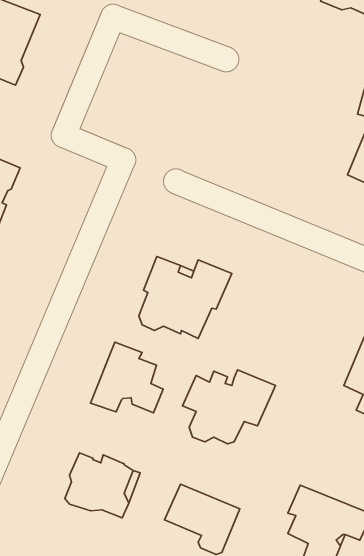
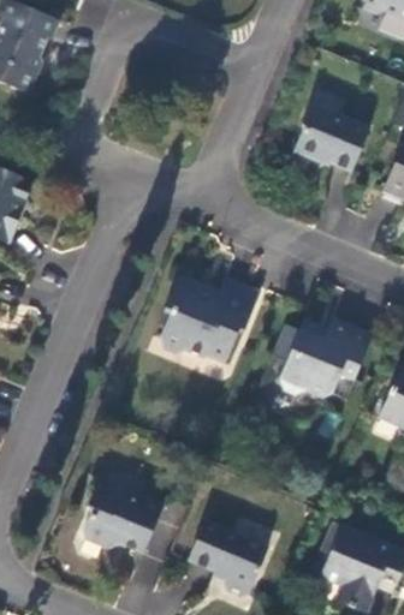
building: none -> [295,102,369,173]
building: [90,342,163,413] -> none
building: [183,370,276,444] -> [274,318,374,398]

